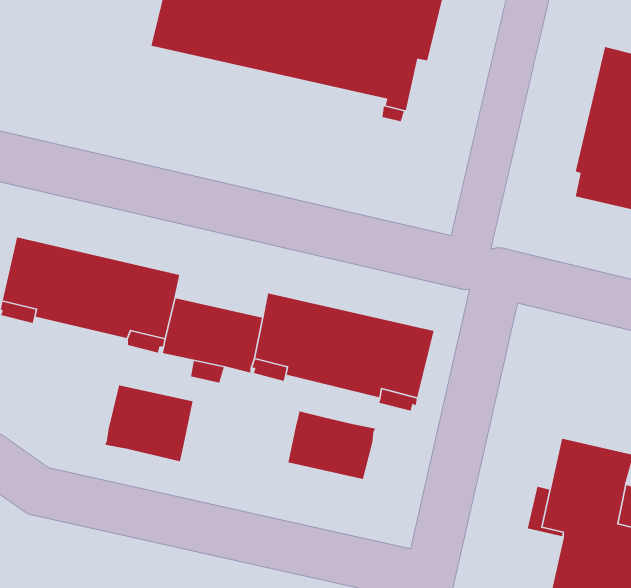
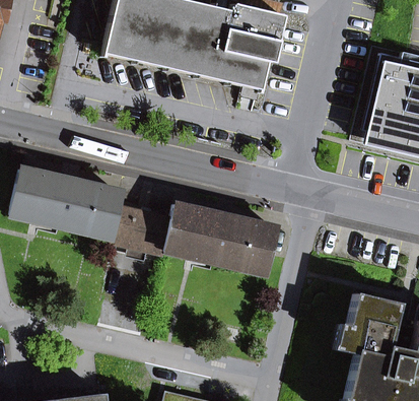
building: [104,384,194,462] -> none
building: [287,411,376,480] -> none

